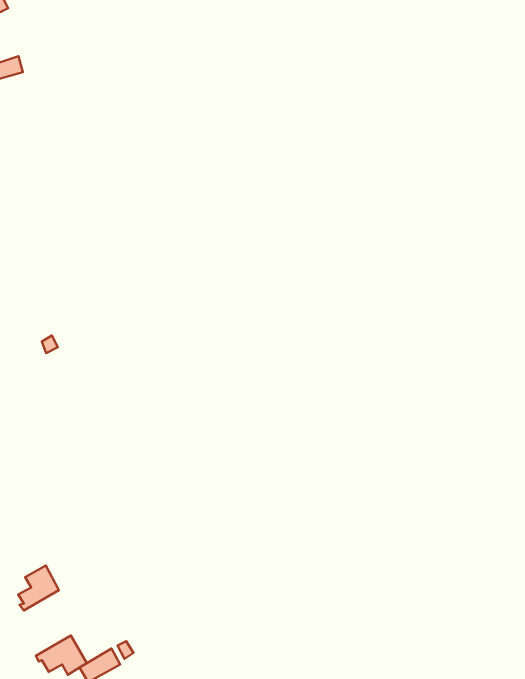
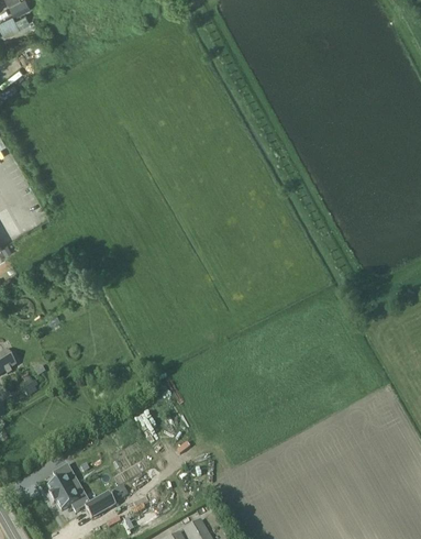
building: [18,566,59,611] -> [46,464,77,498]

